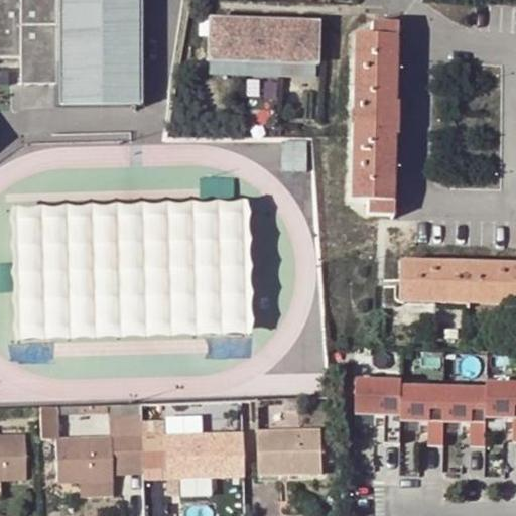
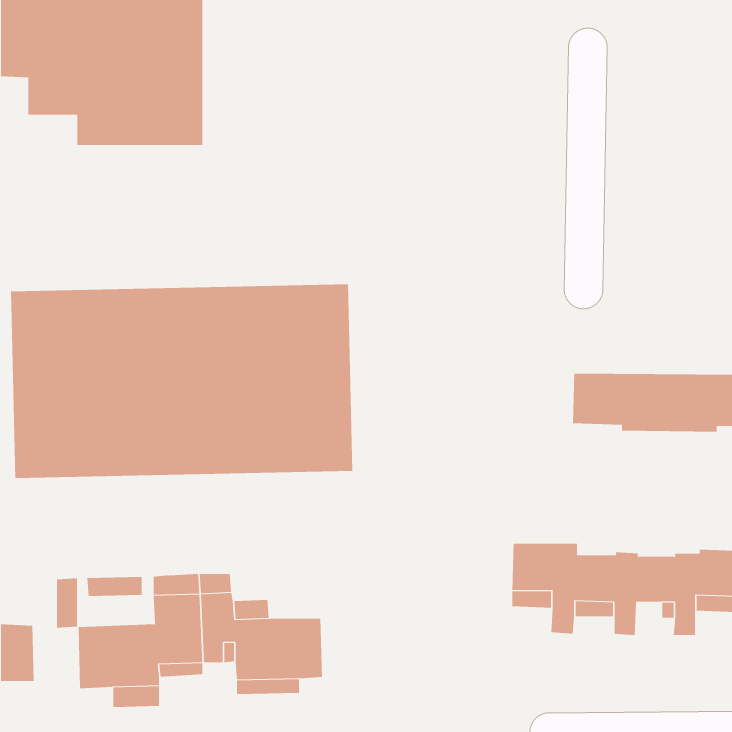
building: [205,15,318,72] -> none
building: [354,20,399,213] -> none
building: [260,427,324,472] -> none

